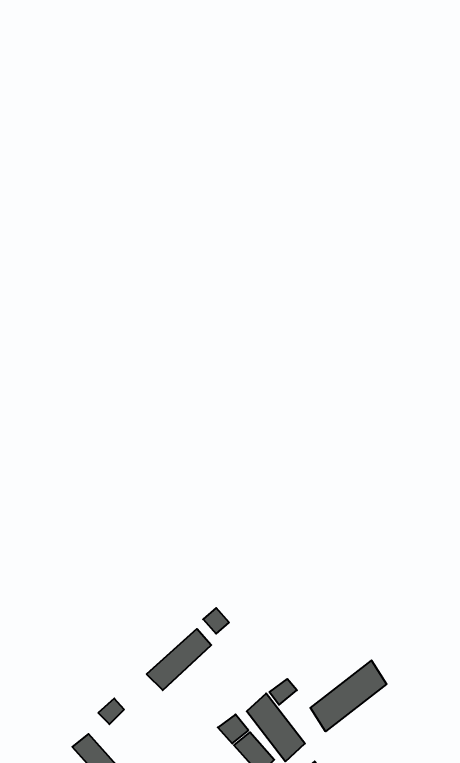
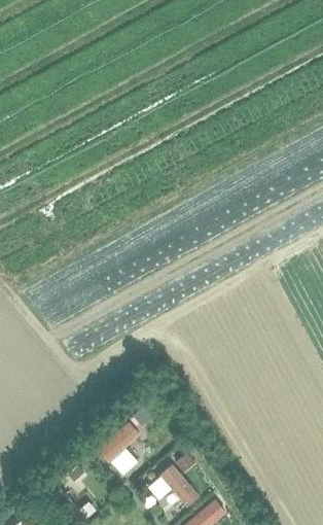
building: [310,660,387,731] -> none

